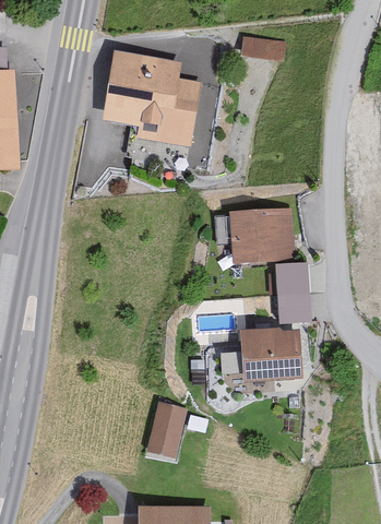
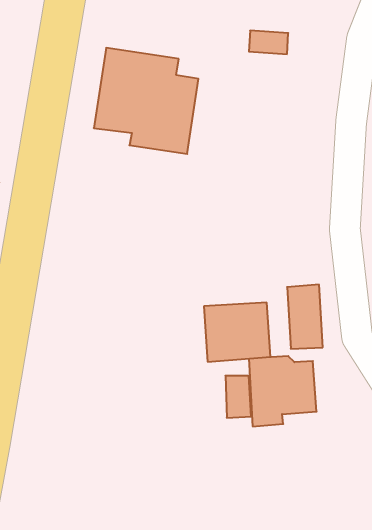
building: [230,209,289,261] -> [204,303,270,362]
building: [146,401,184,455] -> none

